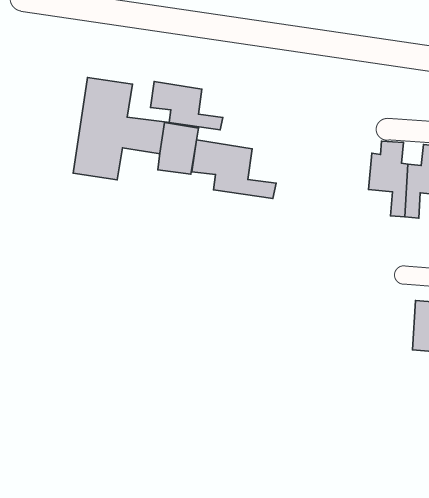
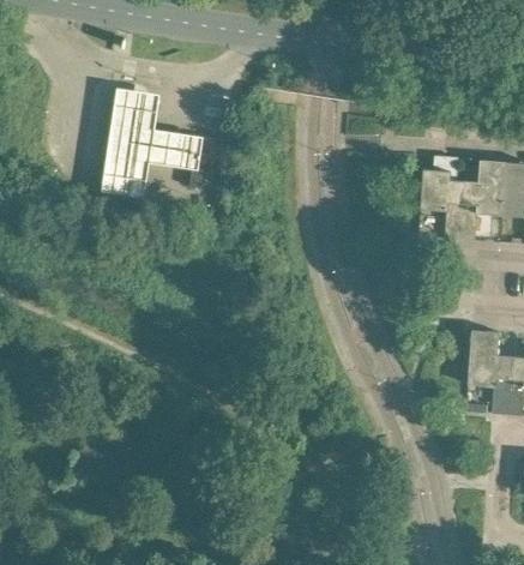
building: [150,81,223,130] -> none
building: [192,140,276,198] -> none

